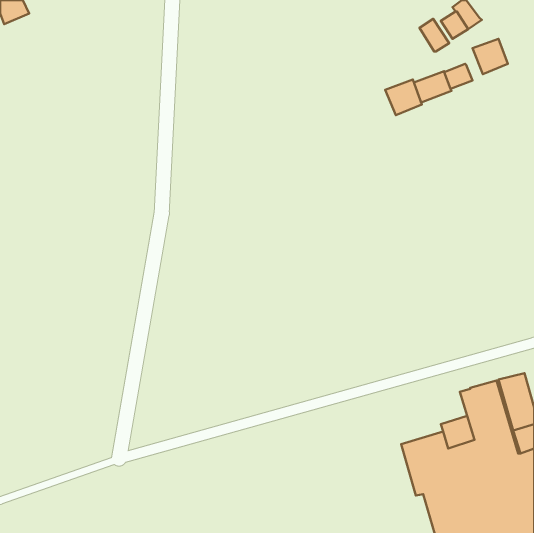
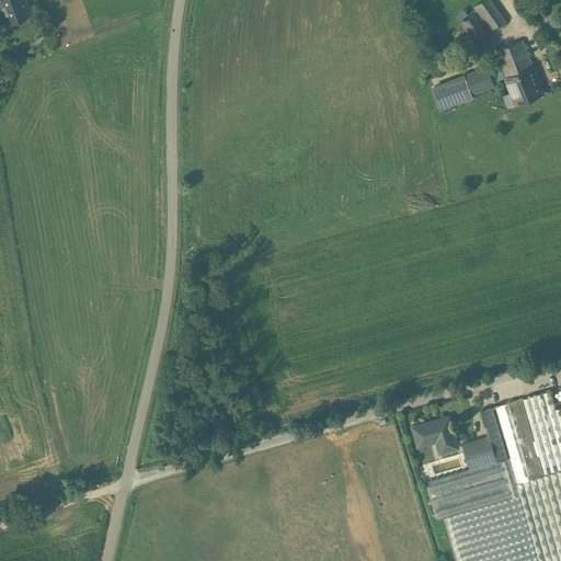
building: [419,19,449,52] -> none
building: none -> [506,68,543,105]
building: [385,79,422,115] -> none
building: none -> [413,417,458,454]

